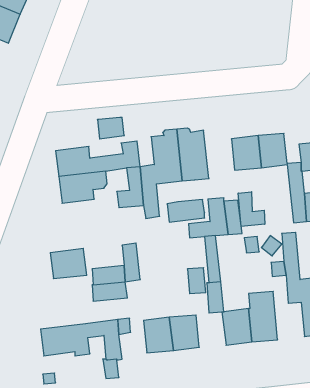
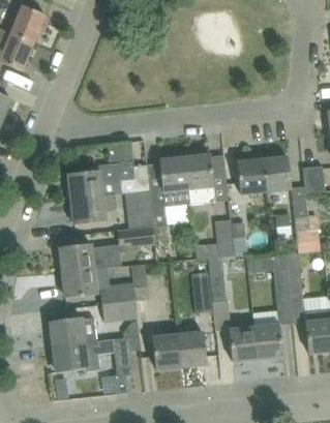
building: [238,192,265,226] -> none
building: [167,200,205,222] -> [118,226,154,248]
building: none -> [57,243,111,272]
building: none -> [50,315,96,345]

